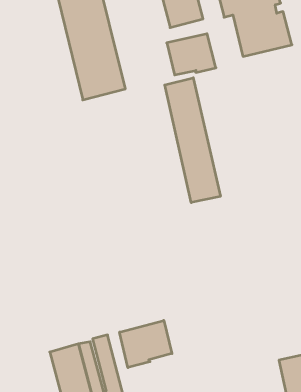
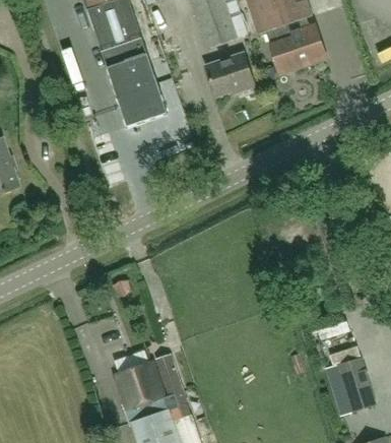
building: [165,78,220,203] -> none
building: [120,320,172,368] -> none

